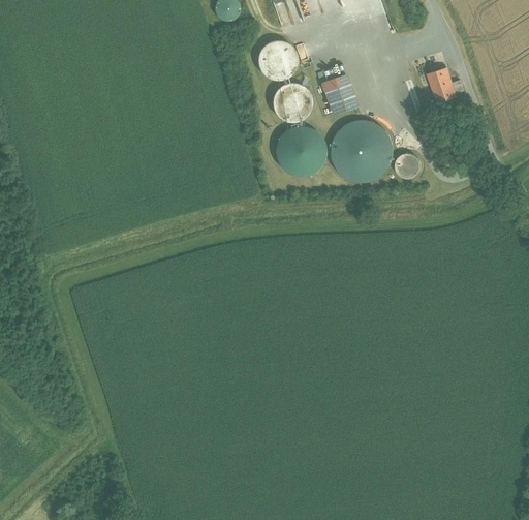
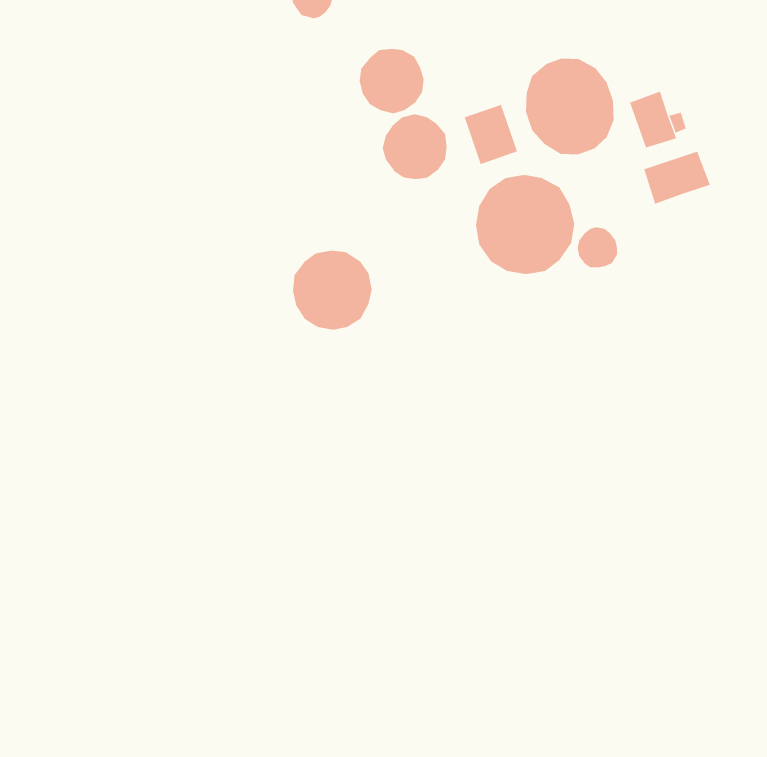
building: none -> [525,58,614,155]
building: none -> [643,151,710,205]
building: [275,126,325,177] -> [292,250,373,330]

